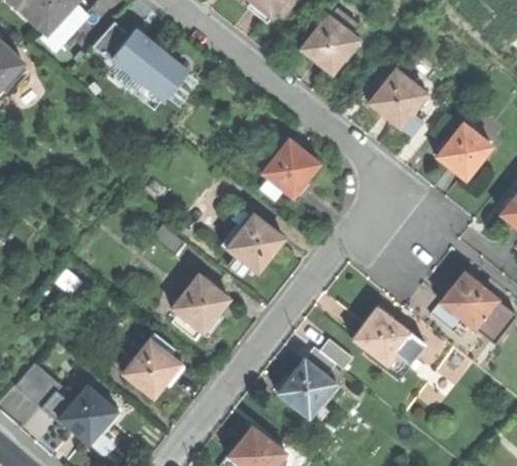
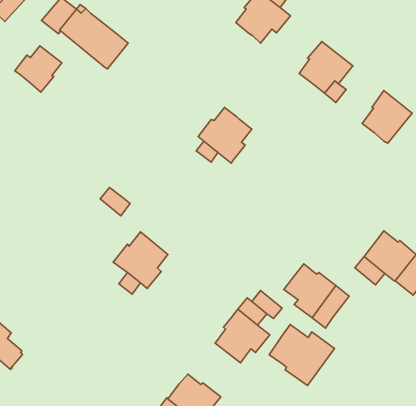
building: none -> [15,46,62,92]
building: [222,213,282,276] -> none
building: [125,339,183,395] -> none
building: none -> [269,324,335,385]
building: [60,385,120,445] -> none

